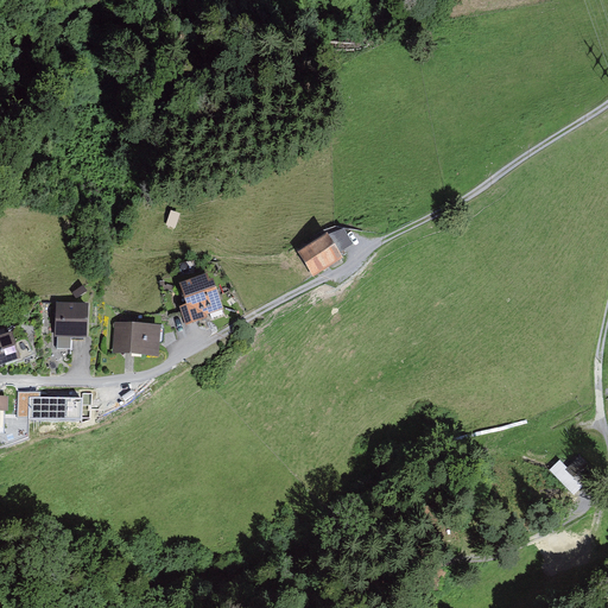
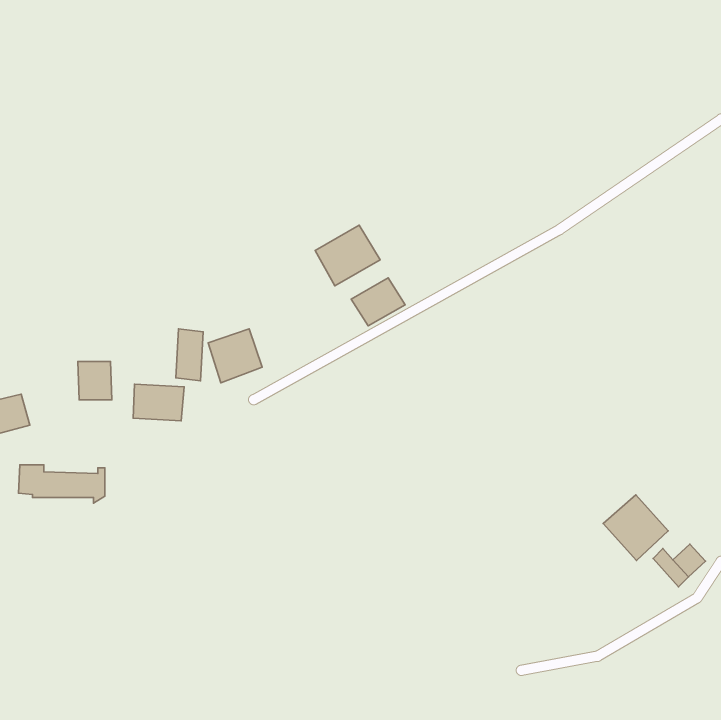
building: none -> [315,225,380,286]
building: none -> [176,329,203,381]
building: none -> [603,495,668,561]

